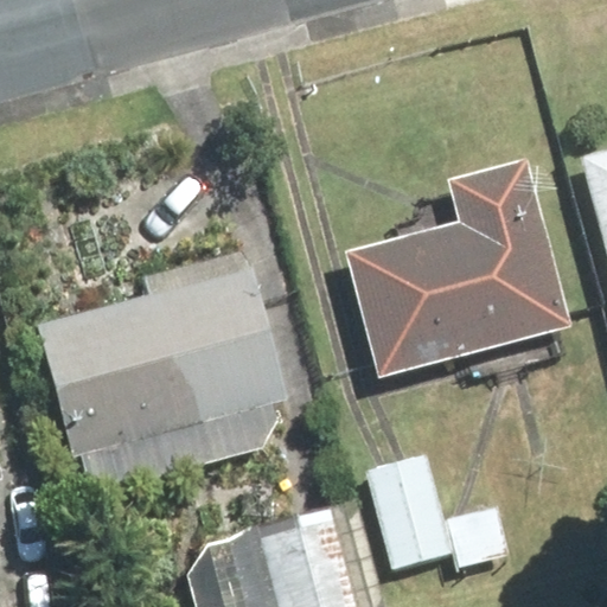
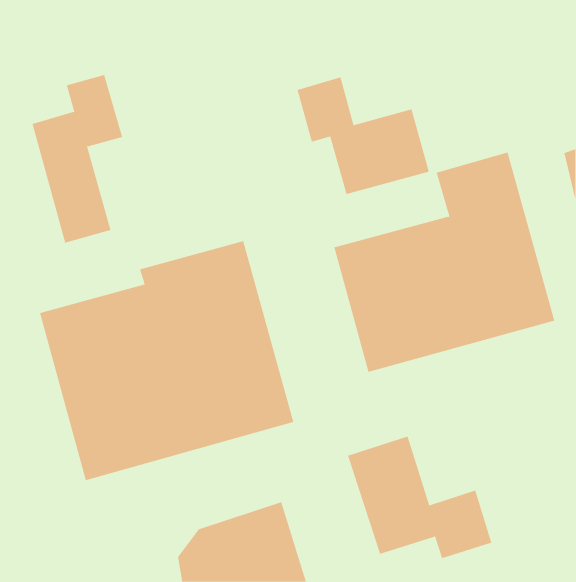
building: none -> [32,74,123,243]
building: none -> [297,76,429,195]

